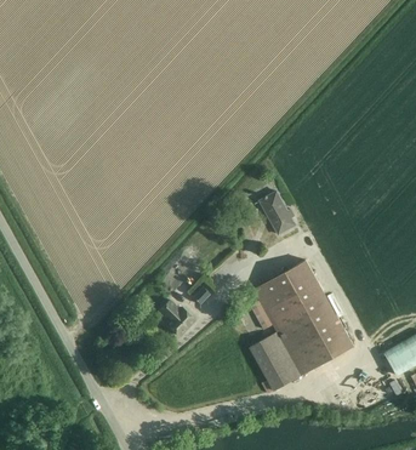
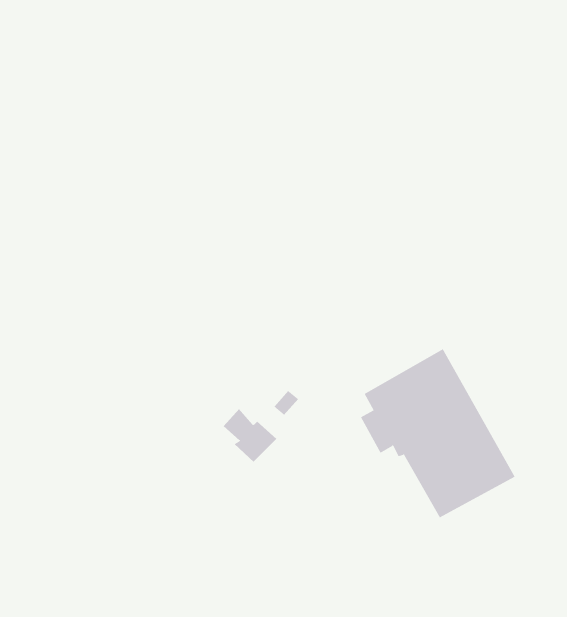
building: [260,192,296,235] -> none
building: [250,331,303,393] -> none

